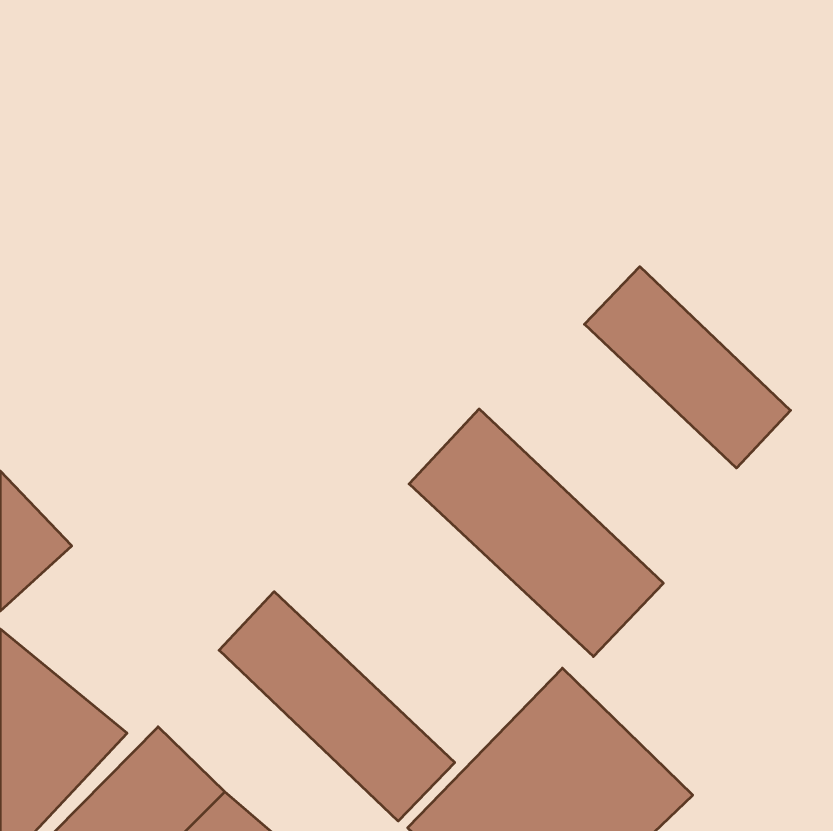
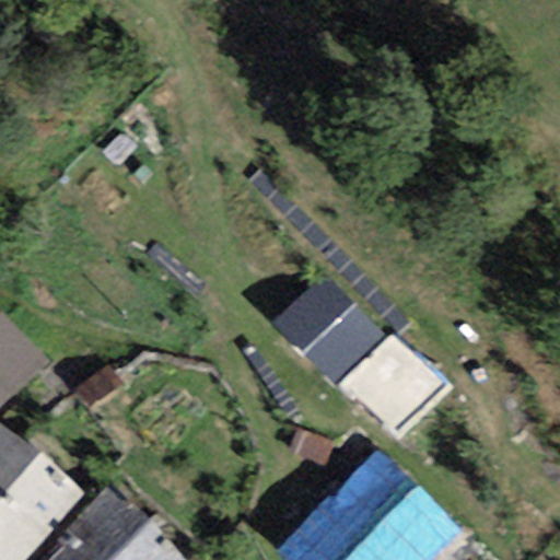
building: [584,267,791,468] -> none
building: [219,592,455,821] -> none

